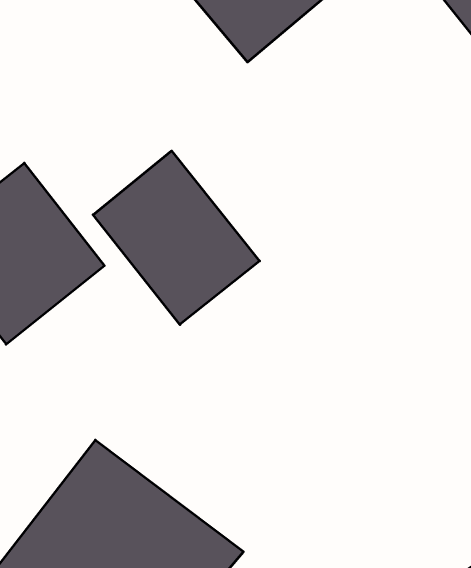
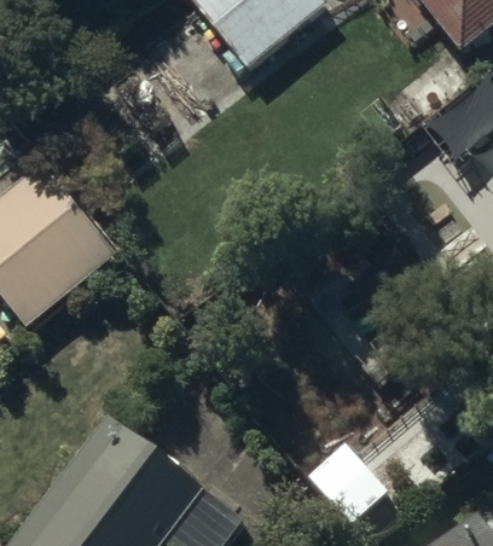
building: [93,151,260,325] -> none

